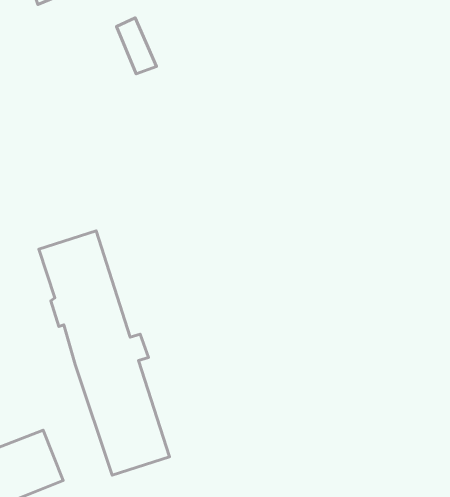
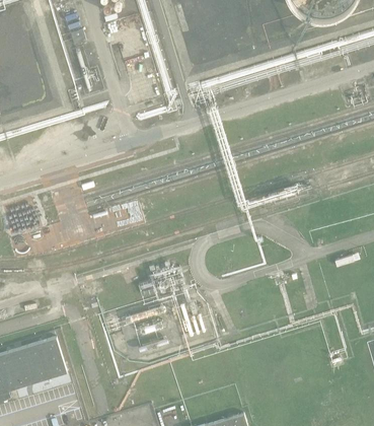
building: [39,231,169,475] -> none

